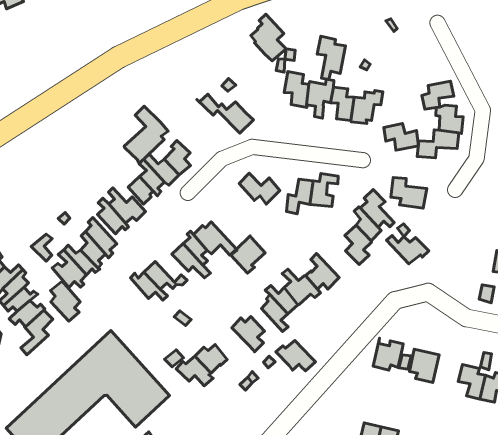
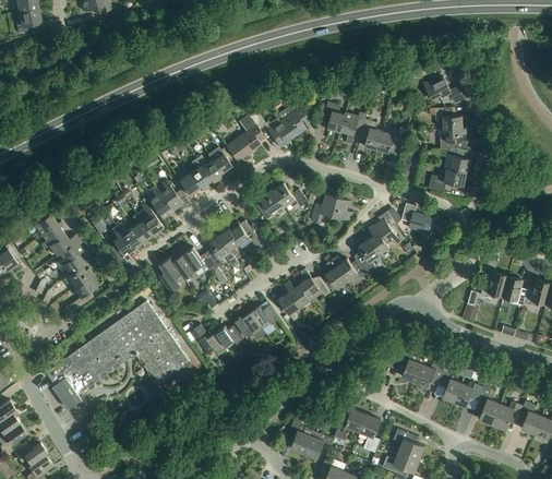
building: [251,14,286,61] -> [277,97,305,137]
building: none -> [422,76,464,101]
building: [317,36,345,80] -> none
building: [124,106,168,163] -> [225,113,264,161]
building: [384,124,418,150] -> [434,107,461,129]
building: [386,235,429,264] -> [331,255,365,282]
building: [231,236,265,273] -> [253,188,283,219]
building: [51,281,80,321] -> [157,258,182,292]
building: [373,338,403,370] -> [415,359,443,387]
building: [276,340,316,371] -> [232,312,265,339]

